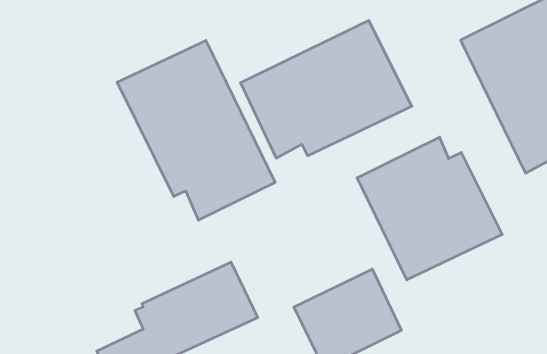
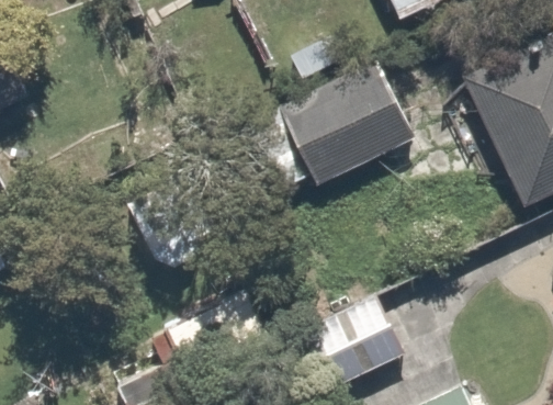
building: [117,40,275,220] -> none
building: [357,137,502,280] -> none

